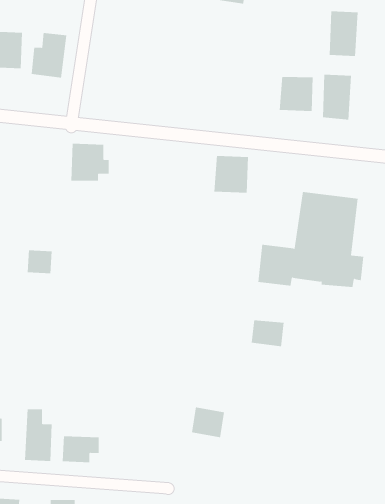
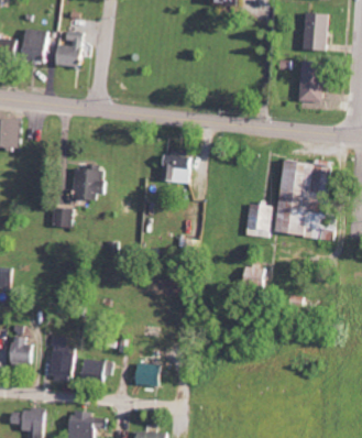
building: [279,76,313,112] -> none
building: [70,143,110,181] -> [76,167,108,198]
building: [214,155,249,193] -> [164,151,193,182]
building: [191,407,225,438] -> [136,361,164,386]

